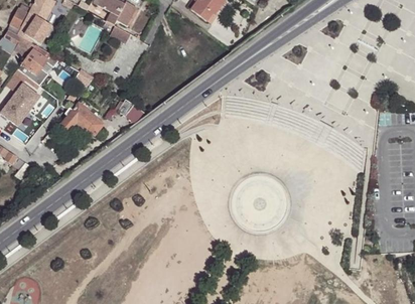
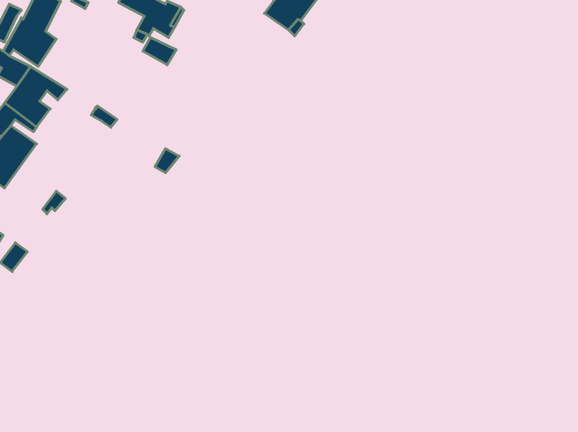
building: [61,103,104,136] -> none

